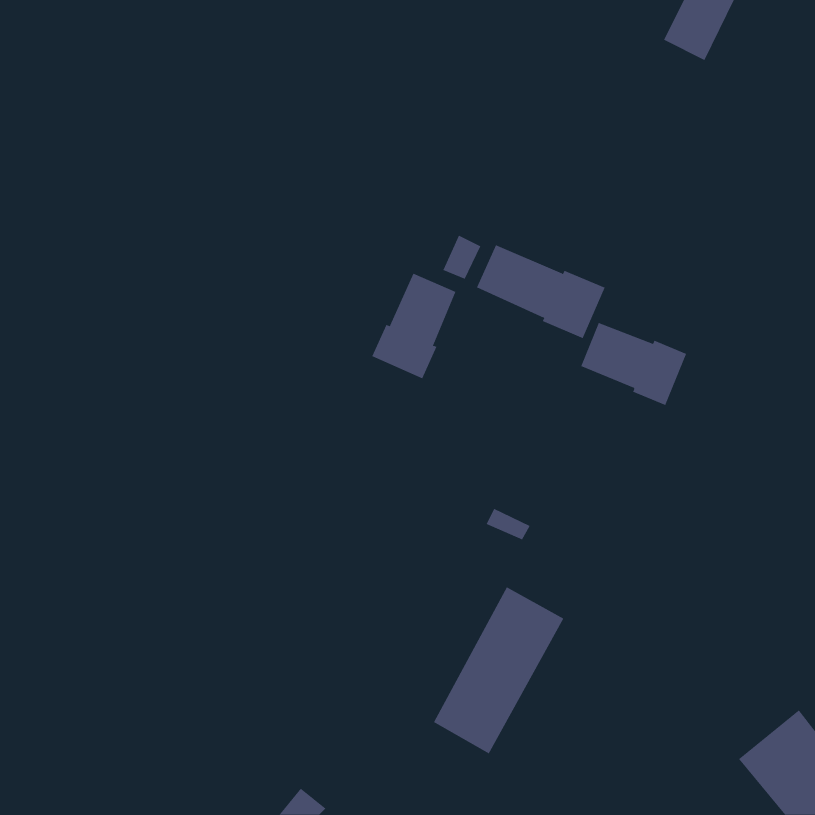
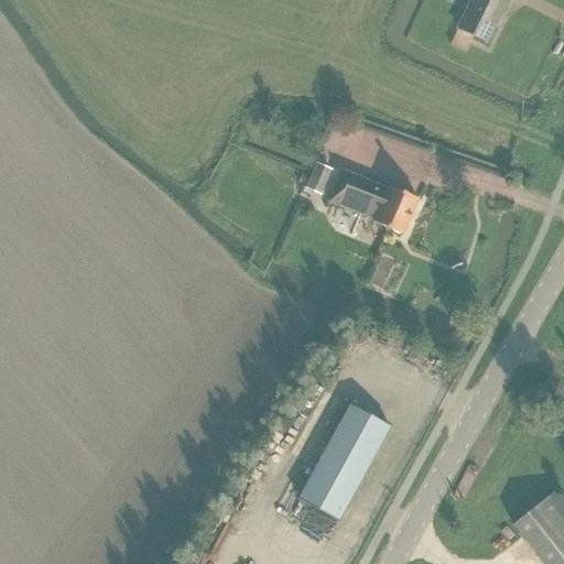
building: [372,273,456,379] -> none
building: [580,322,687,406] -> none

